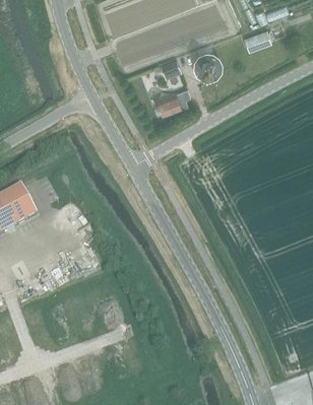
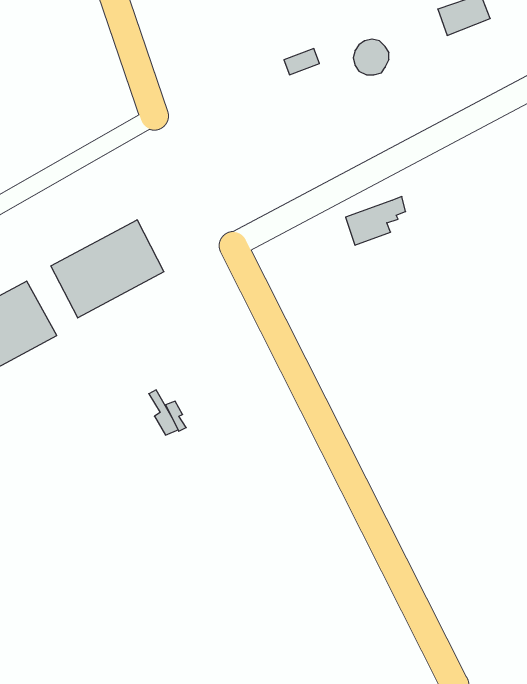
building: [156,88,189,115] -> [346,197,406,245]
building: none -> [51,220,164,318]

